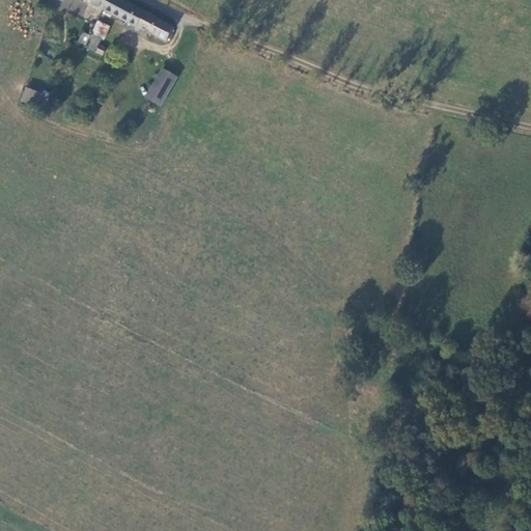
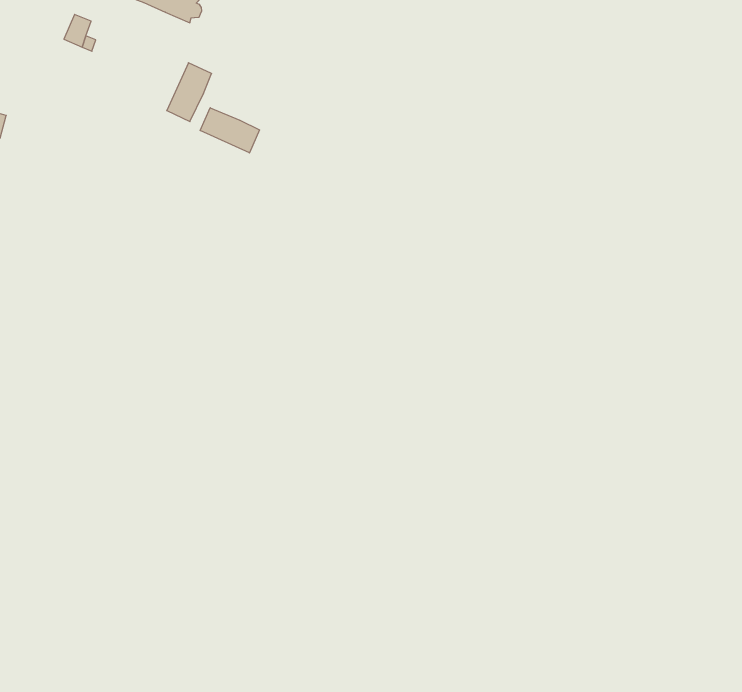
building: none -> [200,108,259,153]

